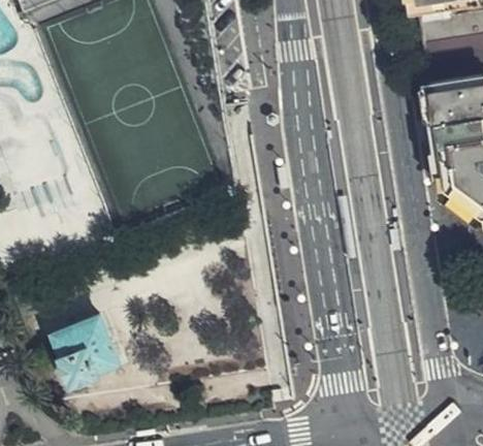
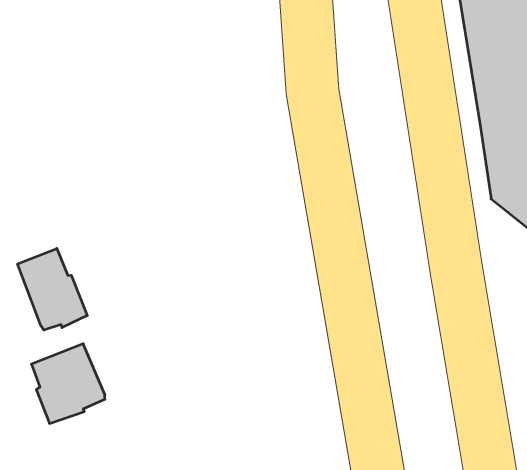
building: none -> [18,248,87,330]

